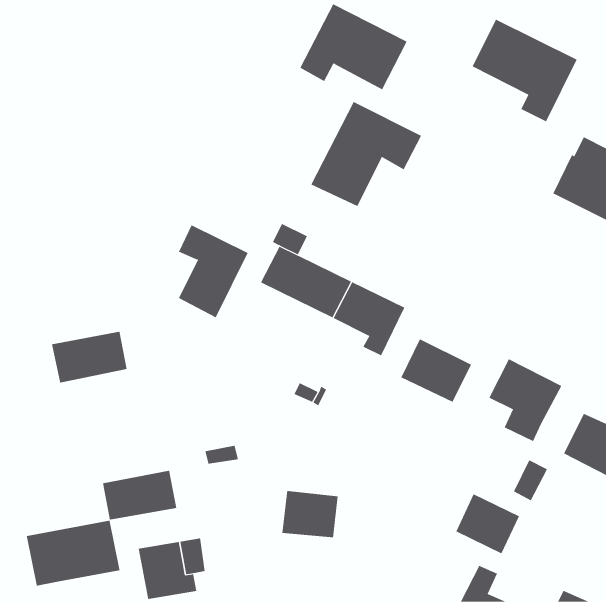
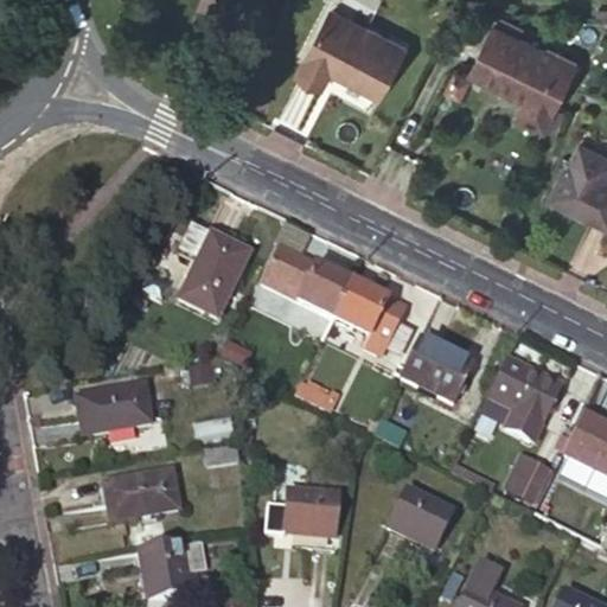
building: [311,101,422,207] -> none
building: [51,331,127,383] -> [75,383,151,435]
building: [456,494,520,554] -> [388,488,452,549]
building: [26,520,120,586] -> none

